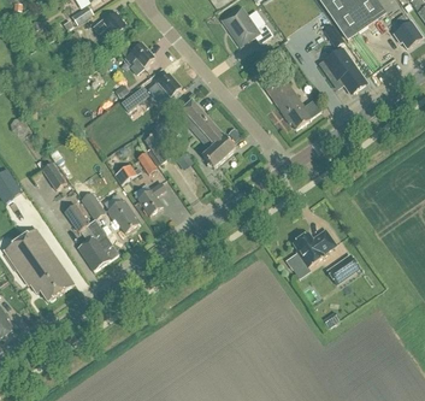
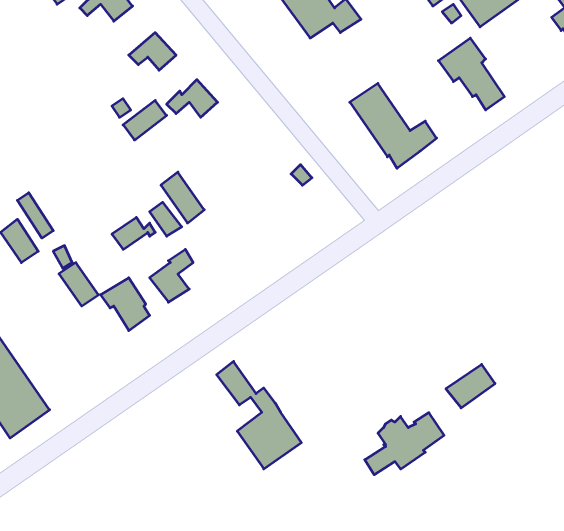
building: [182,101,235,169] -> none
building: [64,204,118,272] -> [217,361,301,469]
building: [284,230,335,270] -> [365,413,444,475]

